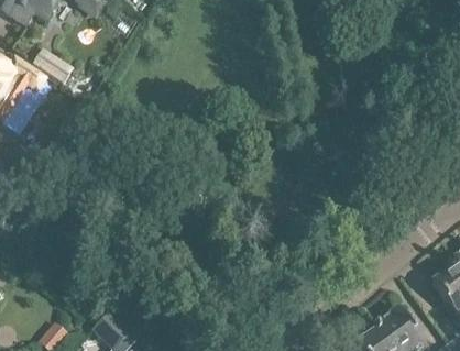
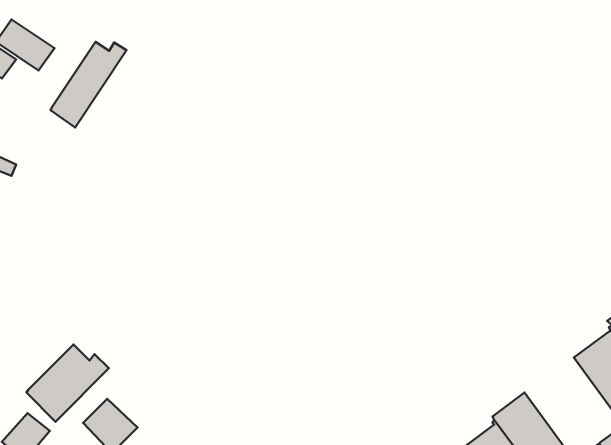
building: none -> [50,42,127,127]
building: none -> [27,345,109,422]

